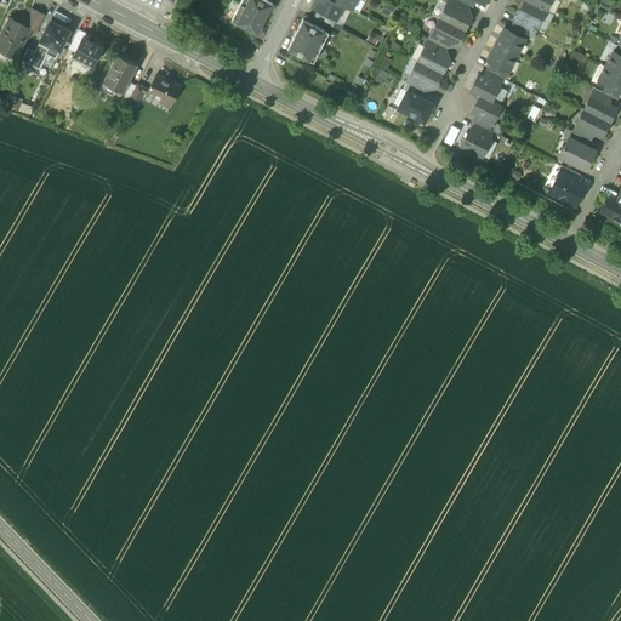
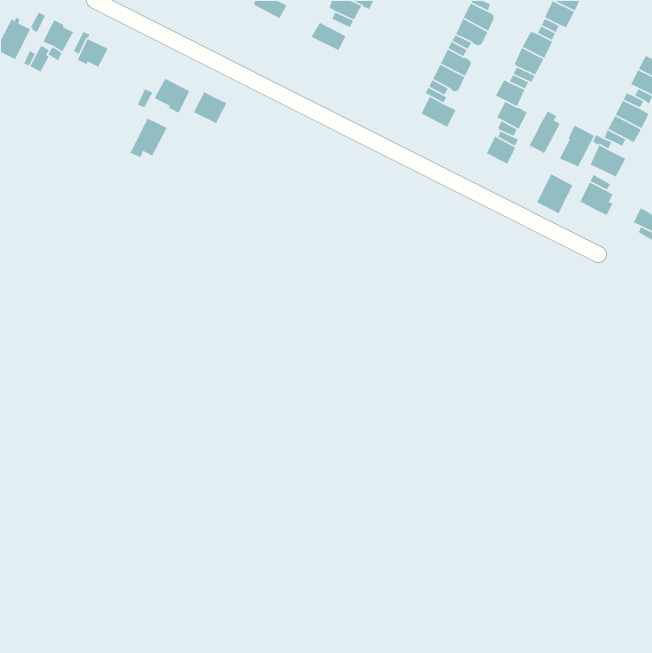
building: [233,5,267,35] -> none
building: [289,35,323,64] -> none
building: [102,55,138,93] -> [129,117,168,158]
building: none -> [193,91,227,124]
building: none -> [529,110,561,154]
building: none -> [559,125,595,167]
building: none -> [536,173,574,214]

